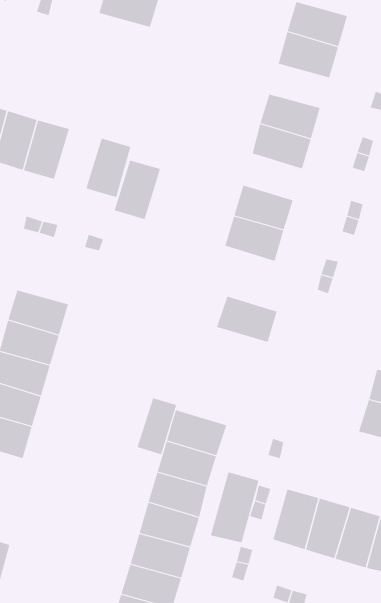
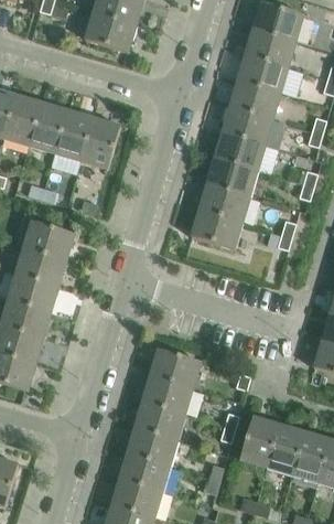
building: none -> [85,12,137,52]
building: none -> [237,55,289,93]
building: none -> [215,131,266,171]
building: [114,160,161,220] -> [55,110,95,161]
building: none -> [23,221,75,259]
building: [216,296,277,343] -> [191,210,243,249]
building: [137,397,177,455] -> none
building: [210,472,259,543] -> none

